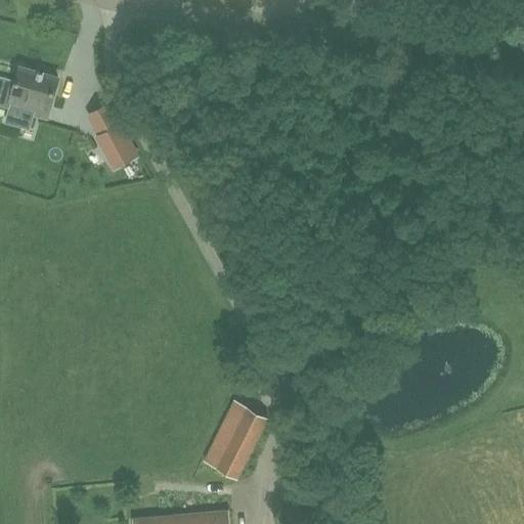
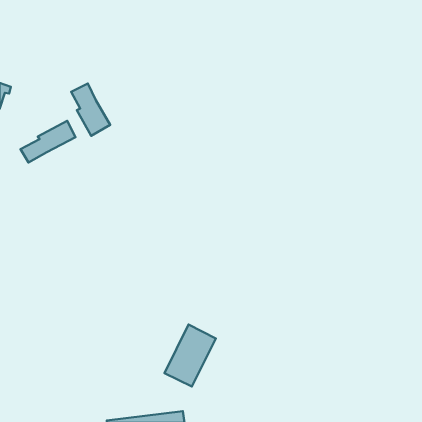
building: [8,67,56,118] -> none
building: none -> [20,121,75,163]

